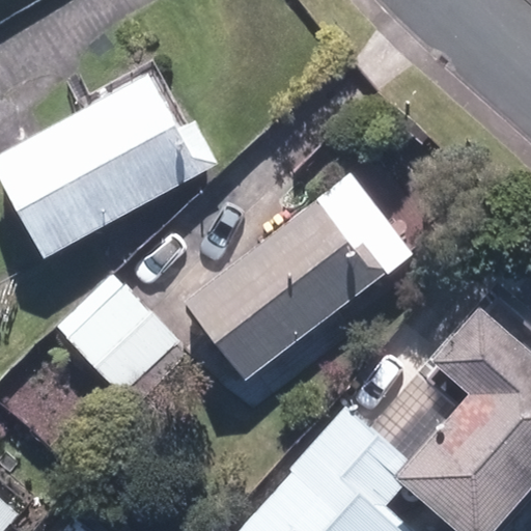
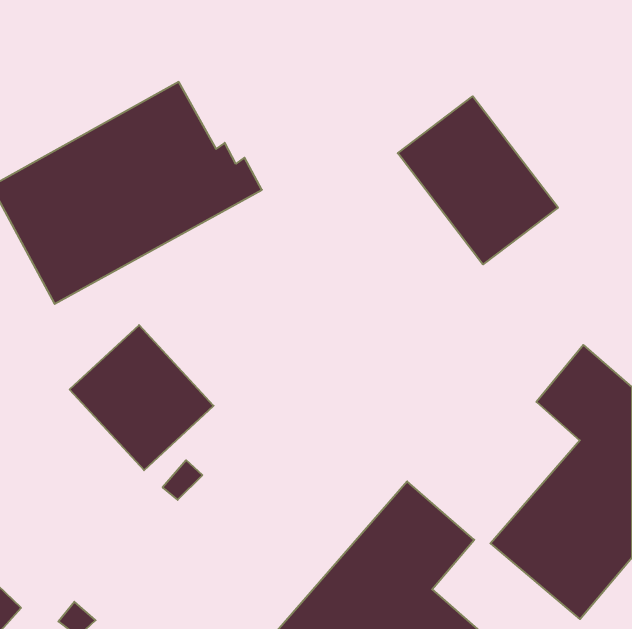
building: none -> [398,96,558,264]
building: [190,201,391,380] -> none

